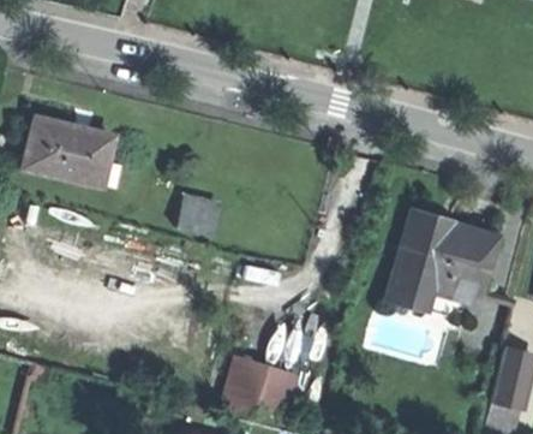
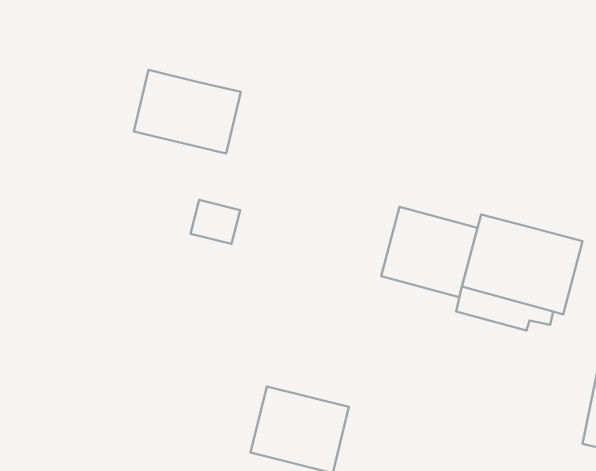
building: [23,118,110,186] -> [134,70,241,153]
building: none -> [381,207,478,297]

